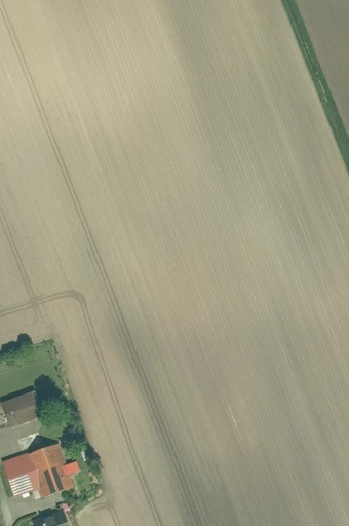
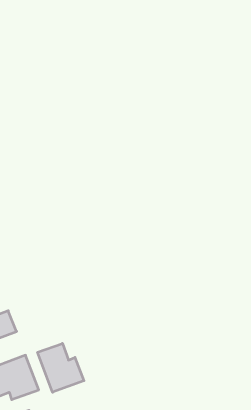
building: none -> [38,343,84,392]

